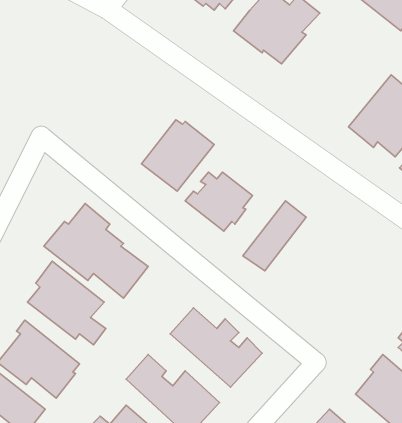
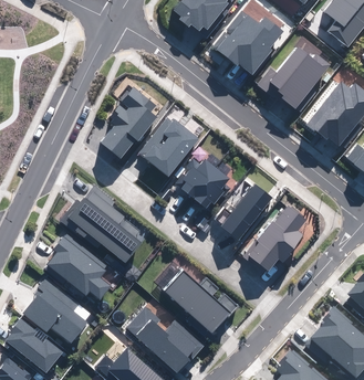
building: none -> [258,45,330,112]
building: none -> [102,87,156,158]
building: none -> [243,205,305,275]

